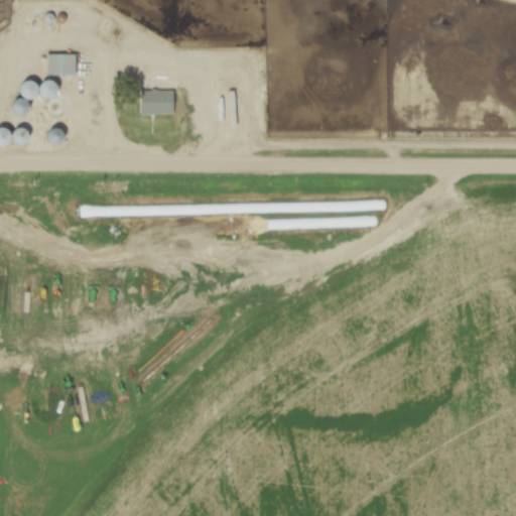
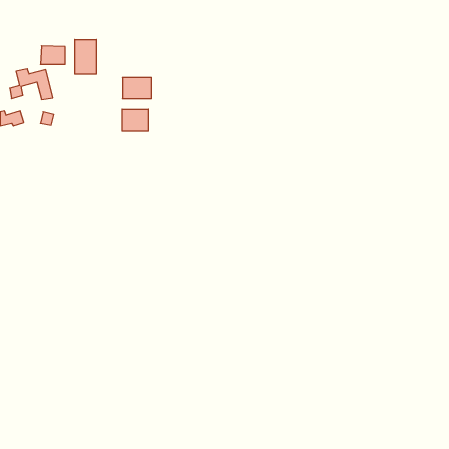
building: none -> [75,39,96,74]
building: none -> [122,109,148,131]

